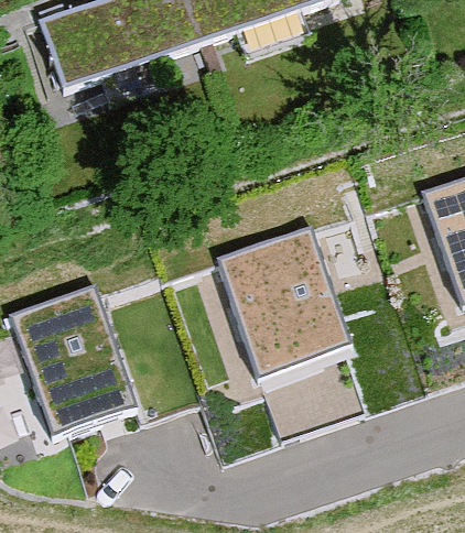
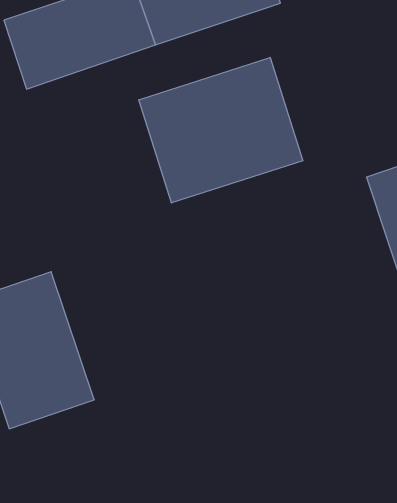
building: none -> [139,57,303,203]
building: [218,225,353,384] -> none

